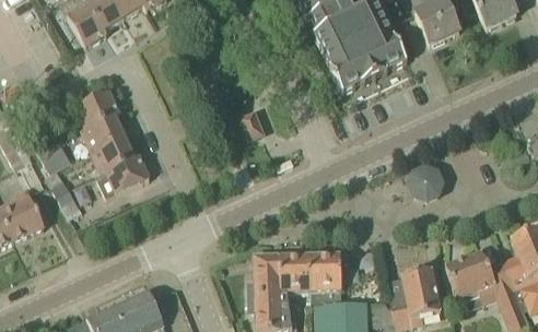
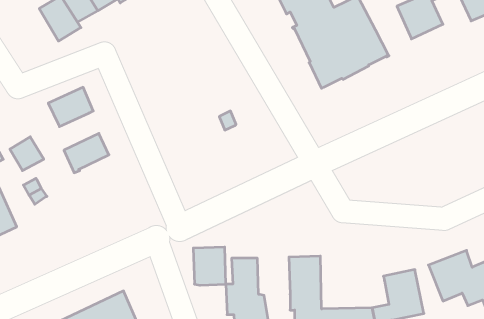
building: [81,116,125,152] -> none
building: [96,154,150,198] -> none
building: [409,166,442,199] -> none
building: [279,256,311,293] -> [193,247,226,285]

